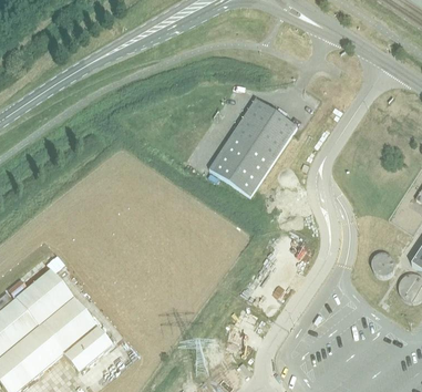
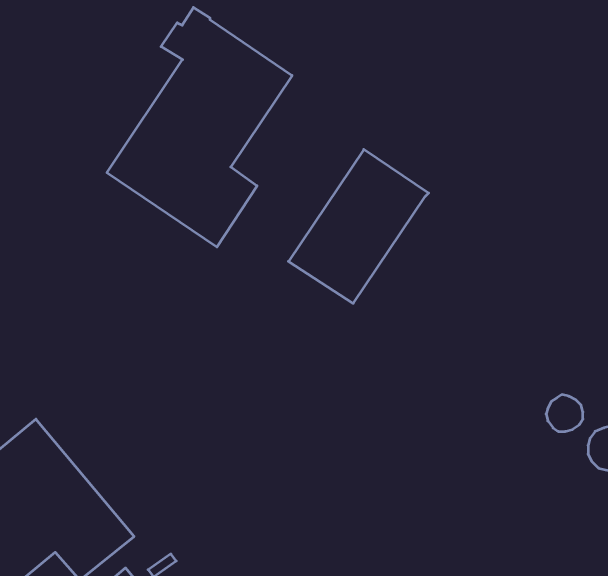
building: none -> [107,7,292,247]

